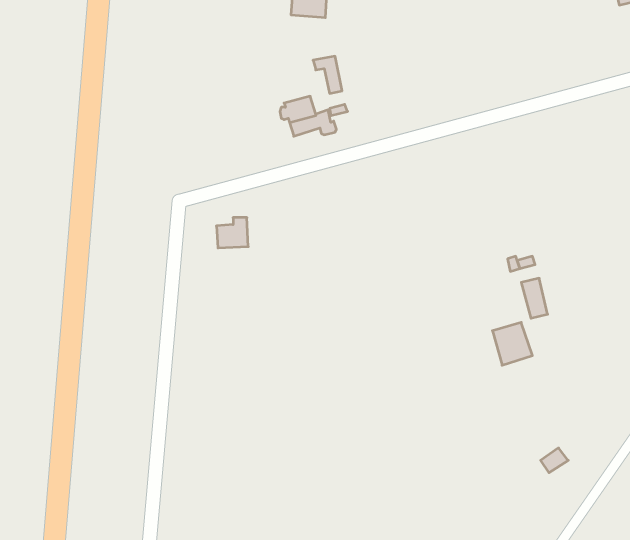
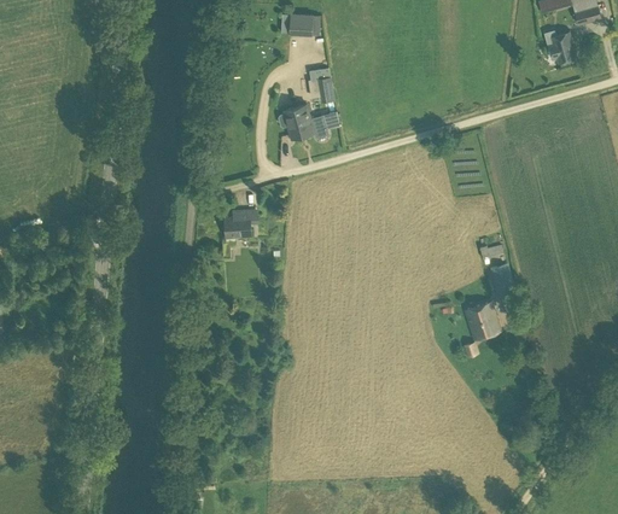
building: none -> [548,33,577,64]

